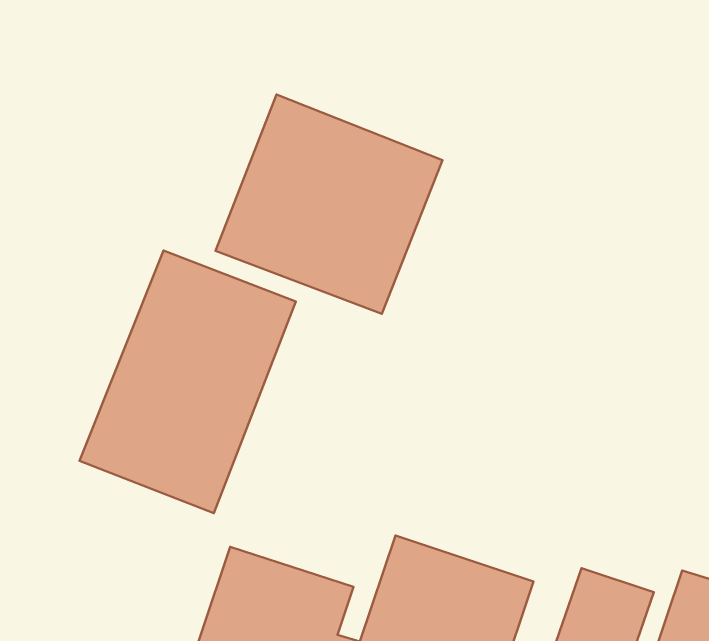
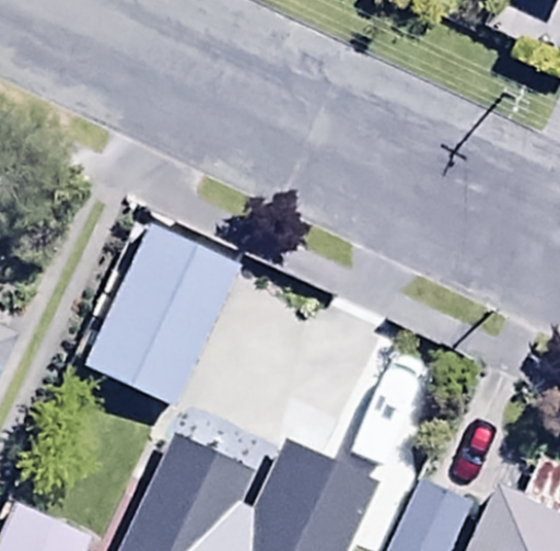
building: [215,94,442,314] -> none

